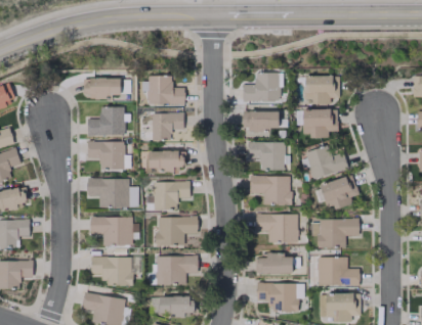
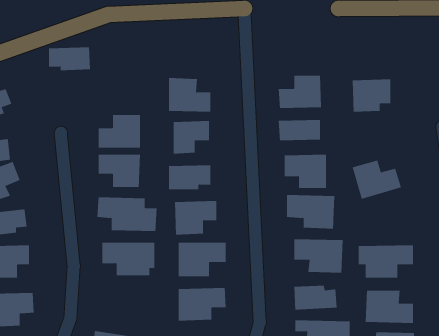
building: [84,78,121,98] -> [48,47,91,71]
building: [302,109,338,137] -> none
building: [320,176,358,211] -> none
building: [91,257,140,285] -> none

